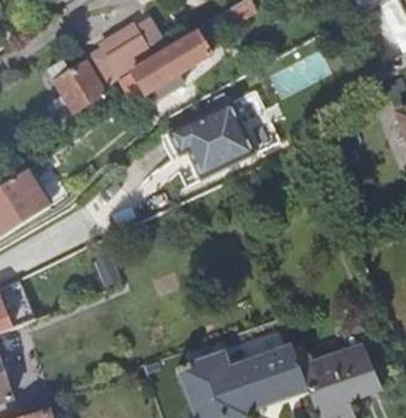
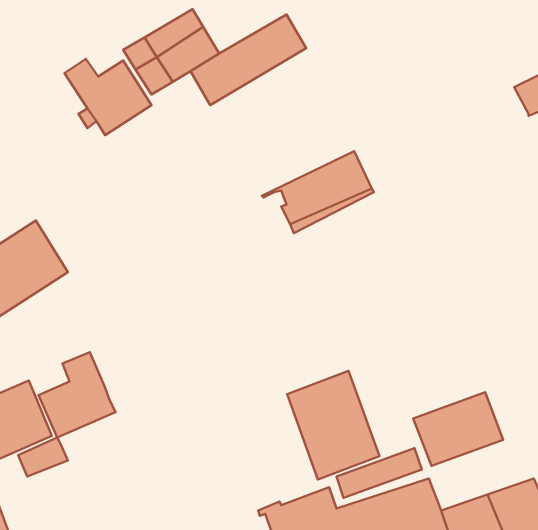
building: [169,99,242,153] -> none
building: none -> [38,352,115,437]
building: none -> [287,371,379,479]
building: none -> [413,392,503,466]

